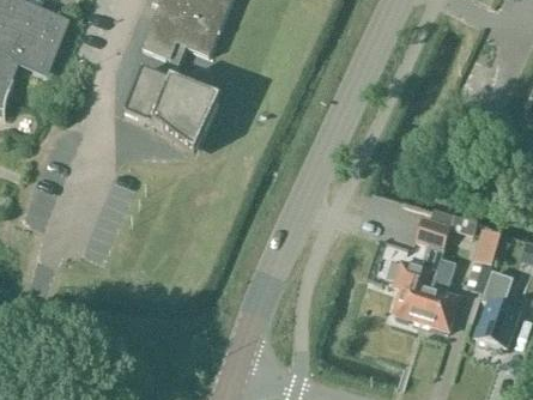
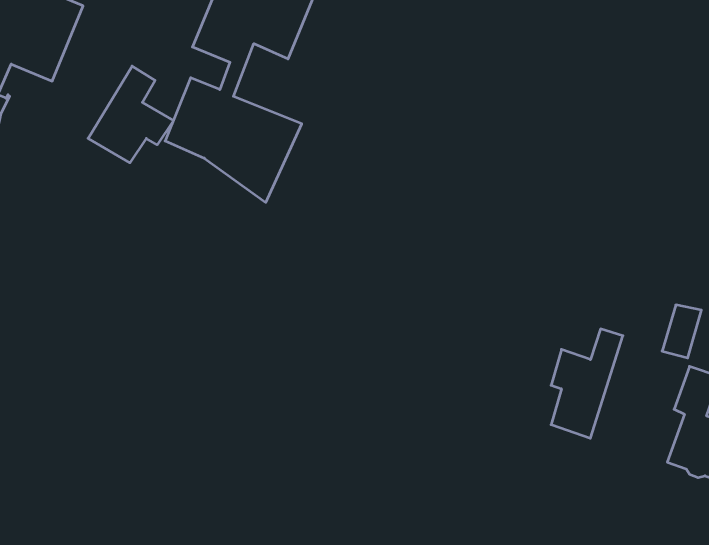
building: none -> [88,66,173,163]
building: [414,214,450,248] -> none
building: [422,259,460,329] -> none

